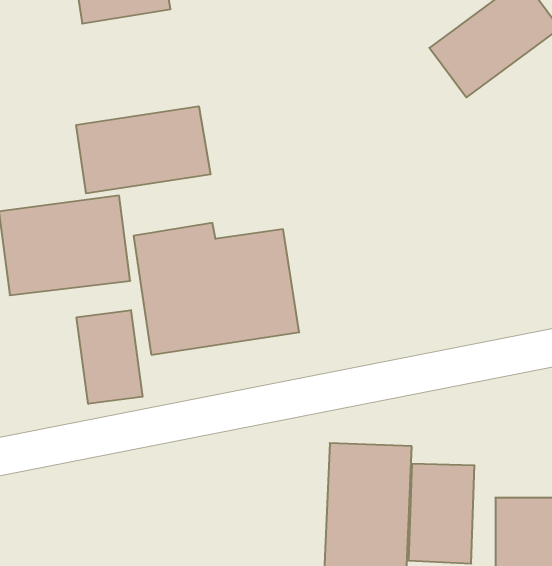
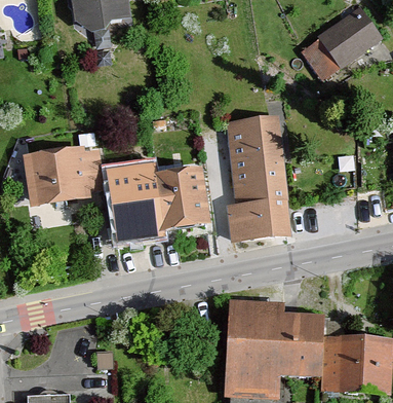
building: [76,106,211,193] -> none
building: none -> [225,112,290,239]
building: [77,310,143,404] -> none

